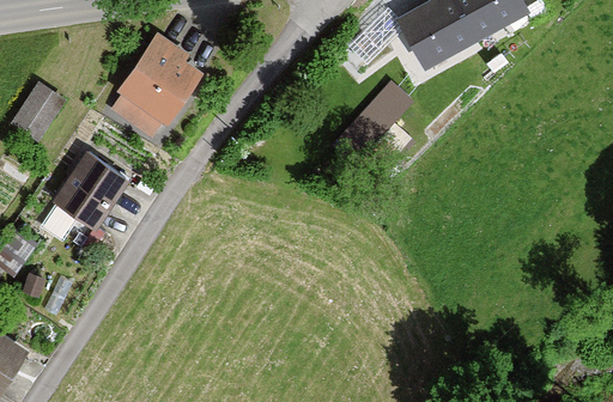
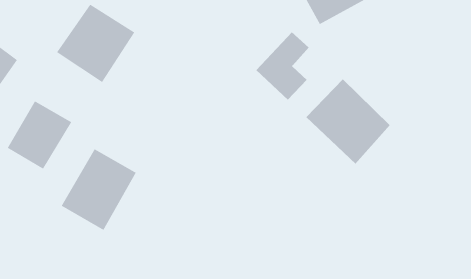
building: none -> [305,79,390,164]
building: none -> [61,149,136,231]

